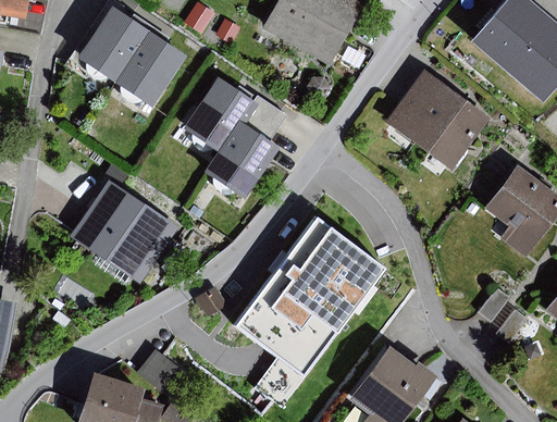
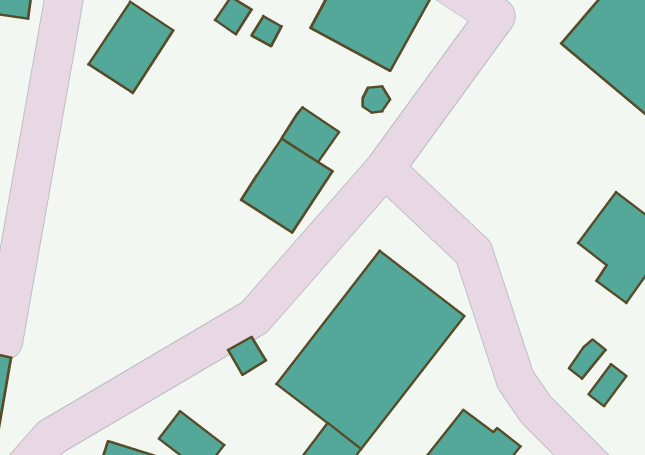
building: [114,29,186,107] -> none
building: [385,70,488,169] -> none
building: [184,76,251,150] -> none
building: [73,183,177,283] -> none

